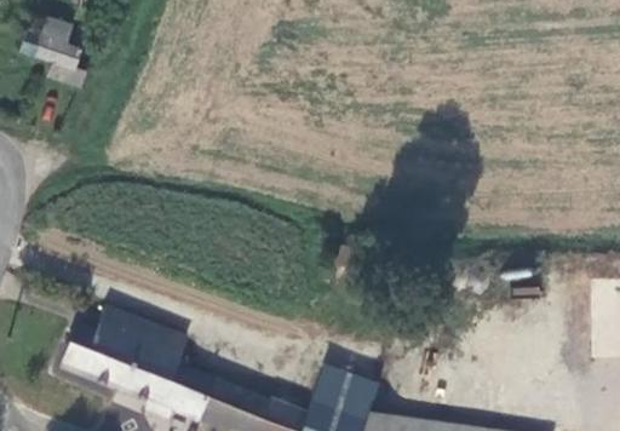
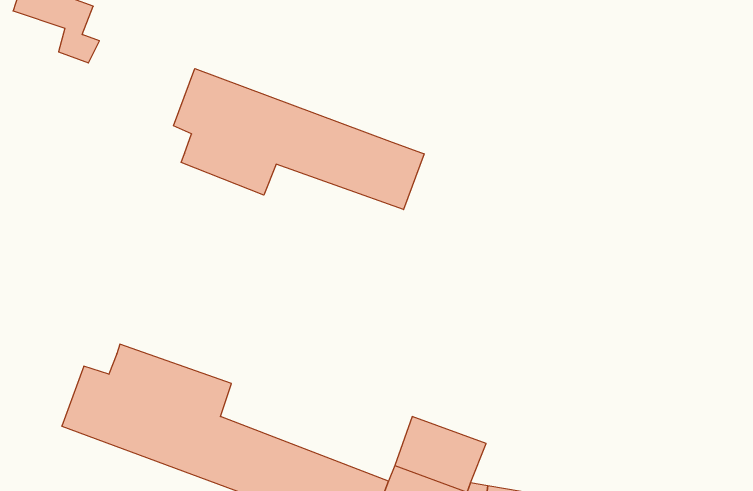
building: none -> [174,69,424,210]

